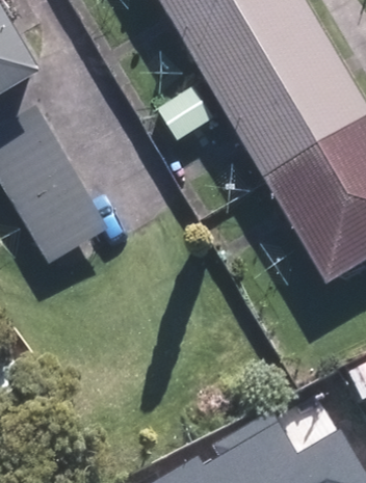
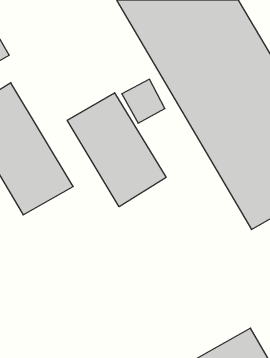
building: none -> [67,93,166,207]

